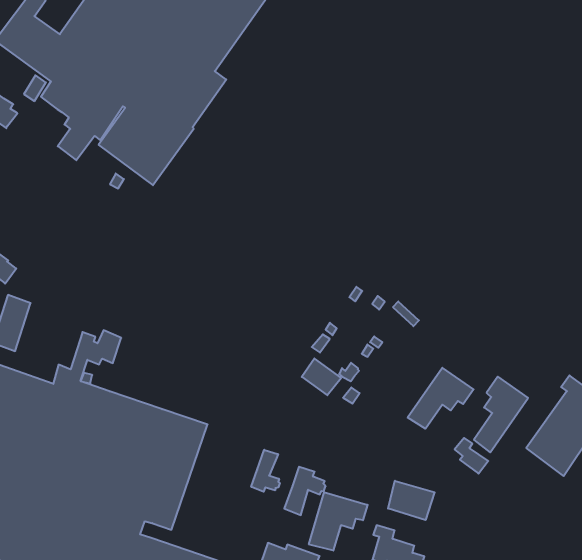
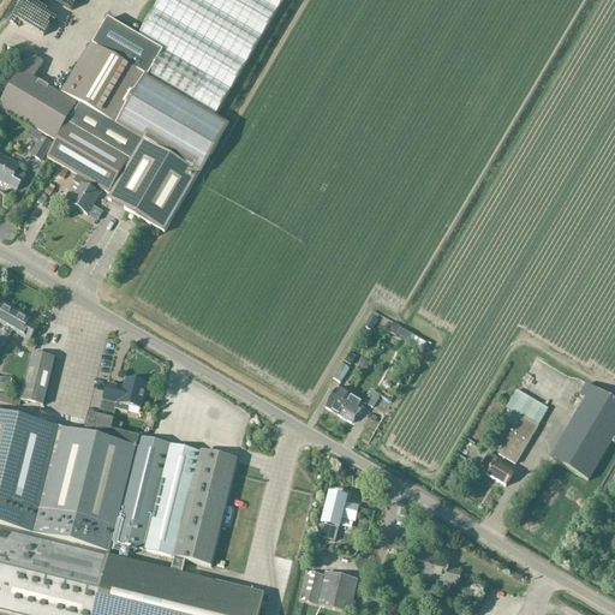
building: [408,368,474,429] -> none
building: [251,450,280,492] -> none
building: [388,481,435,520] -> none
building: [309,492,368,551] -> none

